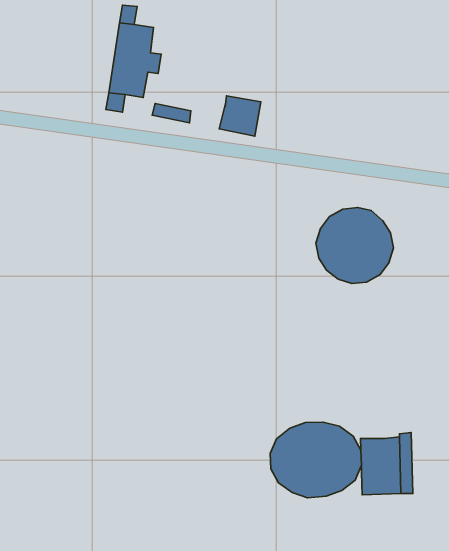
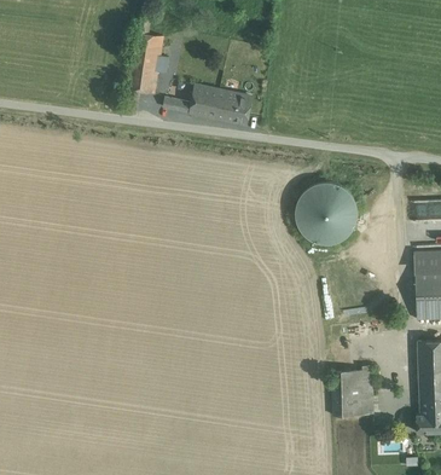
building: none -> [192,86,222,118]
building: [270,422,361,498] -> none

